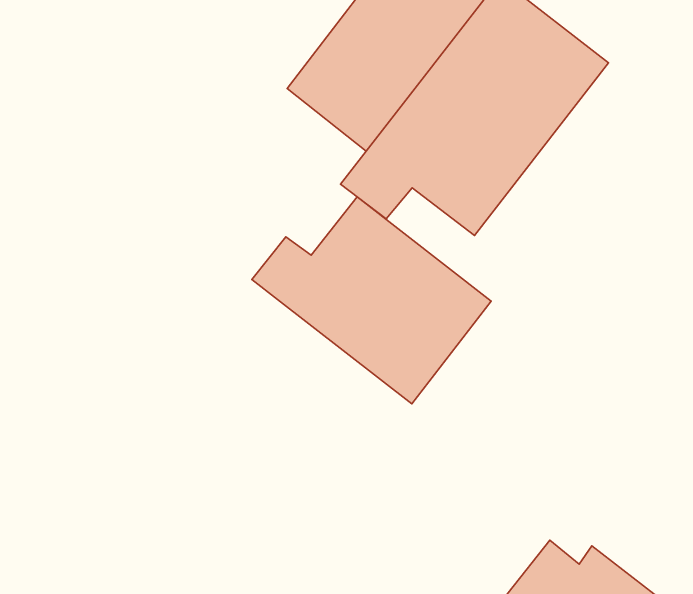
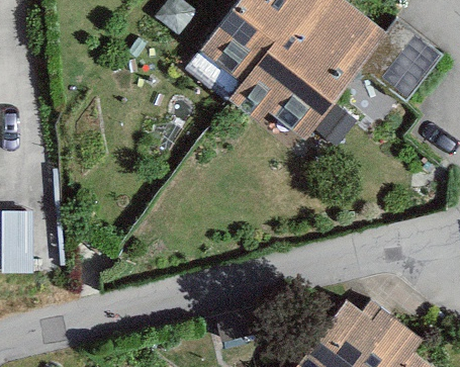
building: [252,197,491,404] -> none

